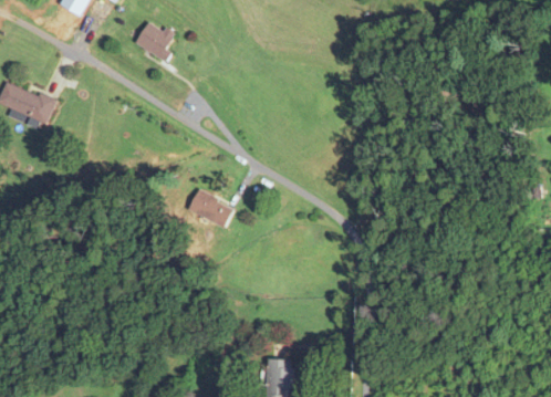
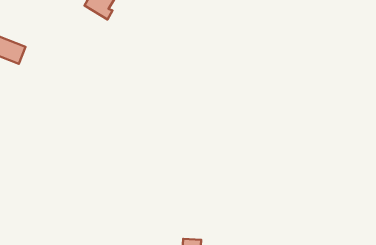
building: [189,189,233,230] -> none

